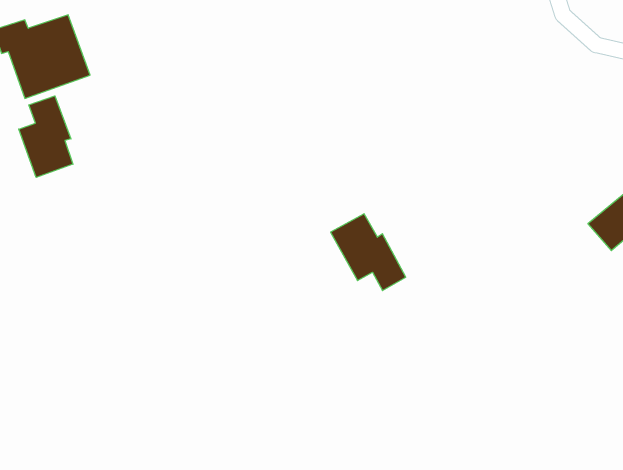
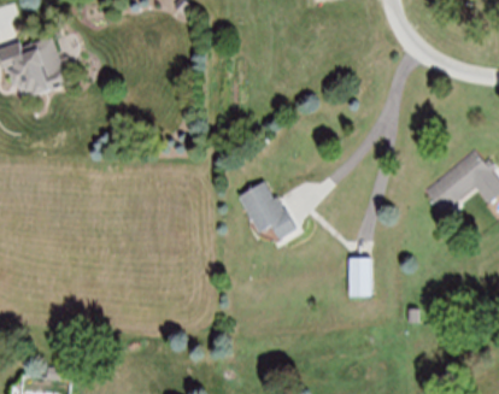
building: [19,96,73,177] -> none
building: none -> [347,258,370,295]

